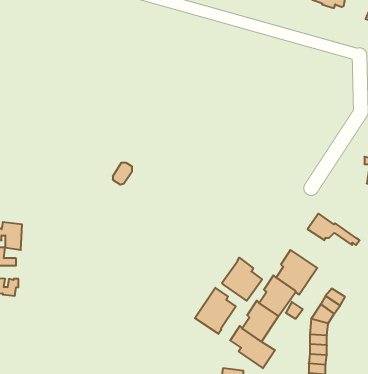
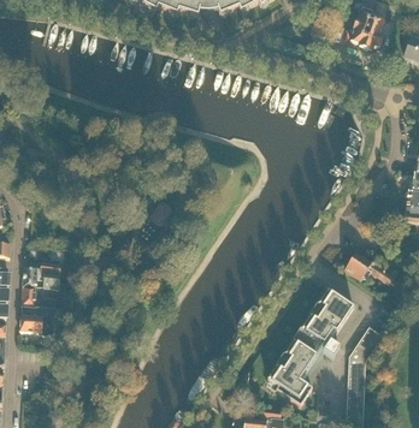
building: [222,258,262,301] -> none
building: [195,288,236,334] -> none

